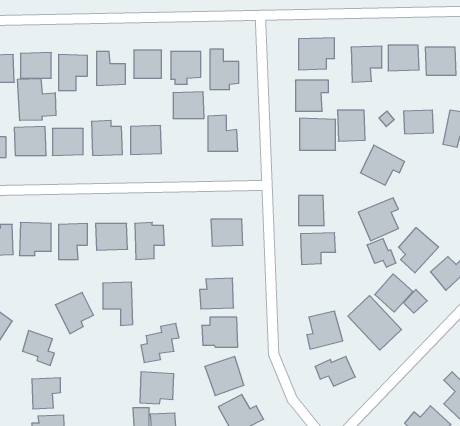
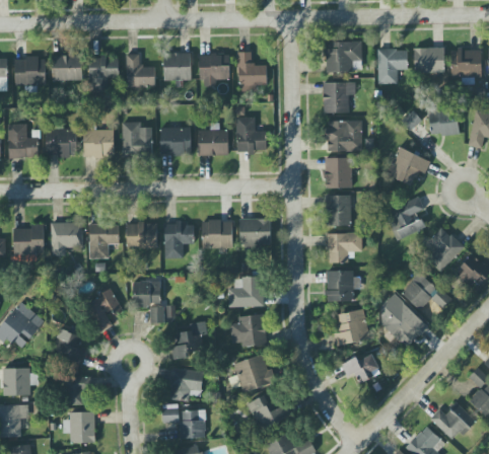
building: [17,79,56,121] -> none
building: [173,92,204,118] -> [198,129,228,155]
building: [337,110,365,141] -> [325,158,352,188]
building: none -> [202,220,232,248]
building: [367,238,396,267] -> none
building: none -> [327,271,353,301]

